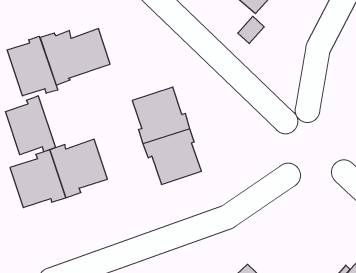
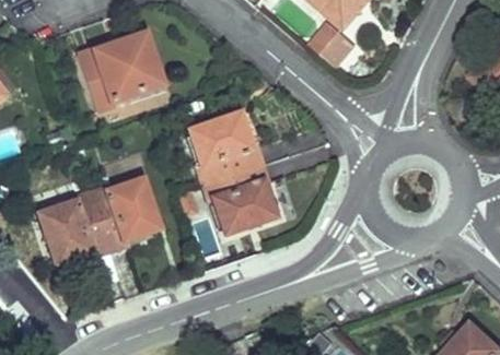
building: [7,36,58,96] -> none
building: [5,96,55,155] -> none

